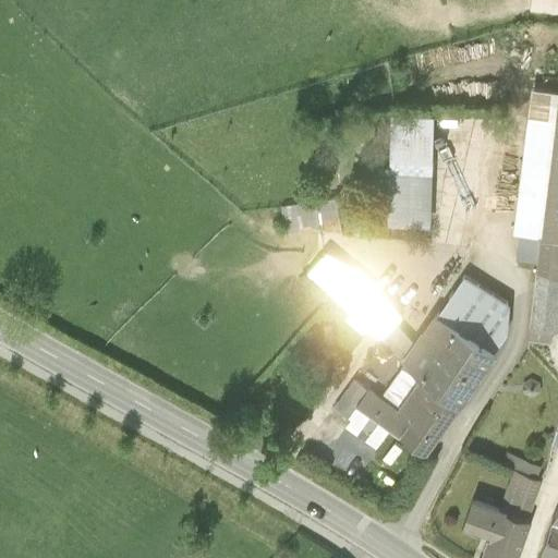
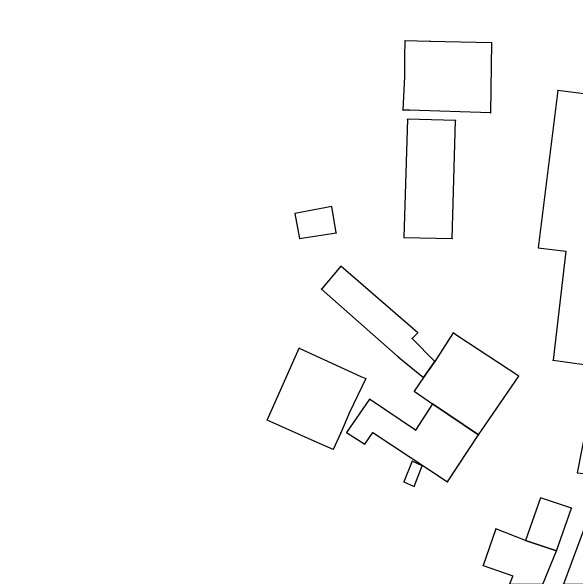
building: none -> [403,41,491,113]
building: [438,276,510,357] -> none
building: none -> [267,348,366,449]

